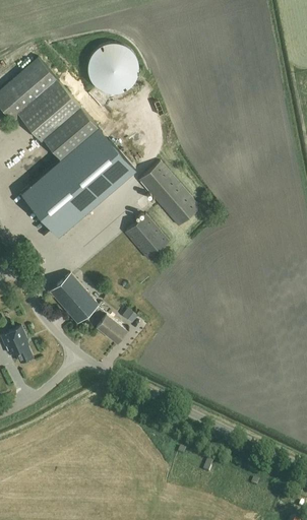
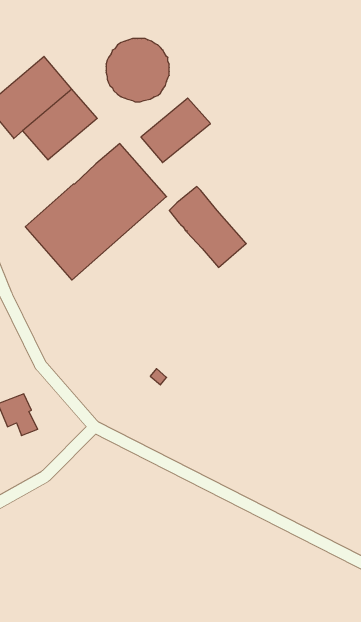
building: [43,107,99,158] -> [141,98,210,163]
building: [125,214,170,260] -> none
building: [51,275,126,341] -> none

